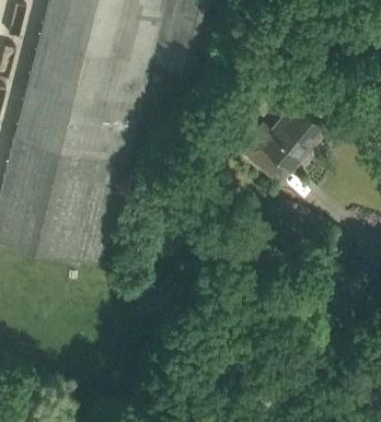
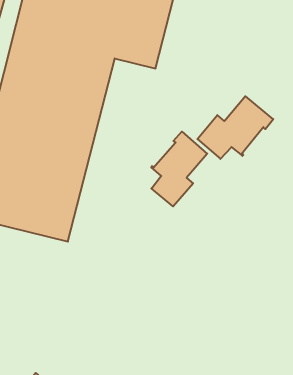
building: none -> [151,132,207,206]

